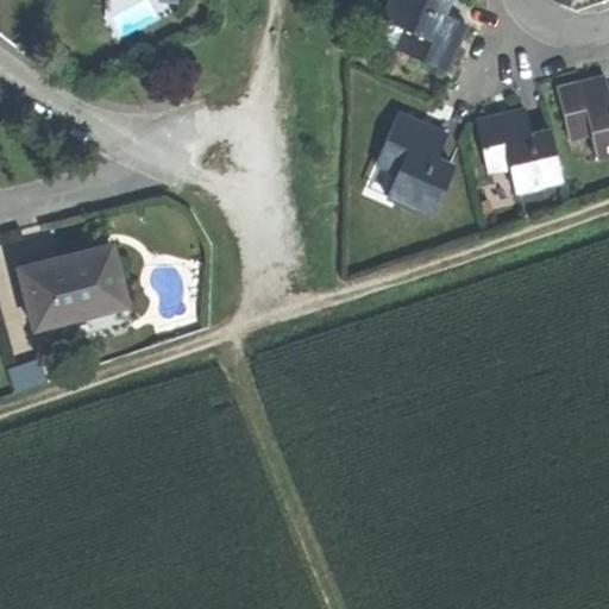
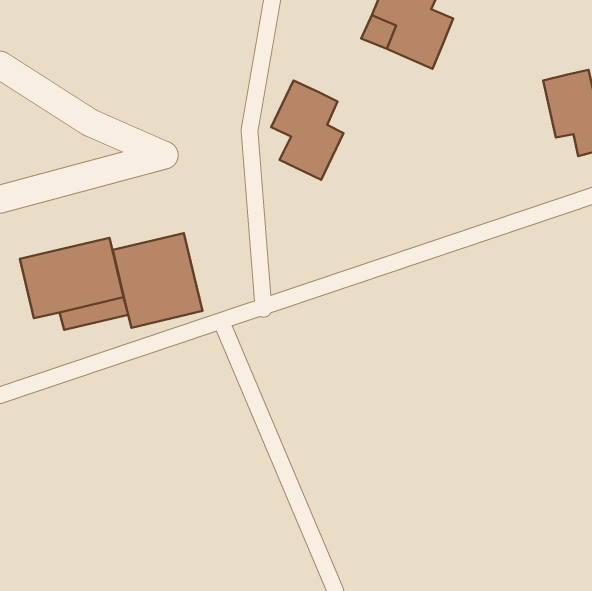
building: [481,111,560,193] -> none
building: [378,112,452,213] -> [271,81,343,180]
building: none -> [113,233,202,328]

